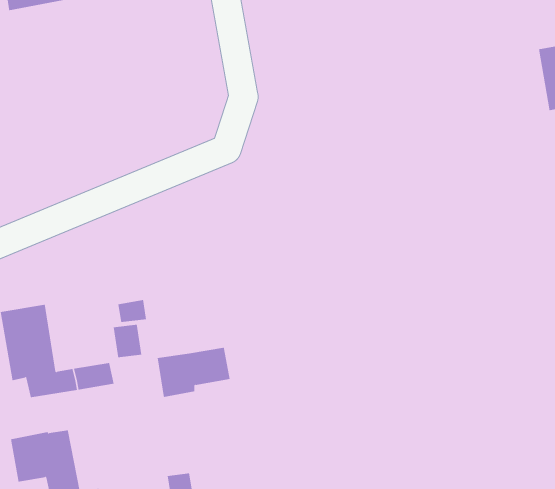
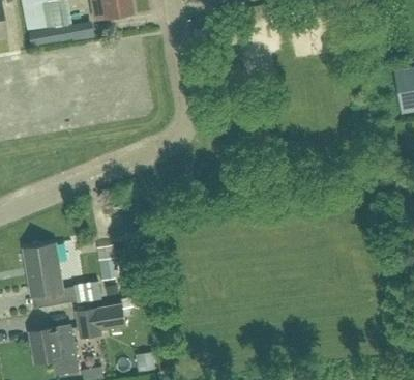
building: [157,347,231,398] -> [78,305,127,340]

